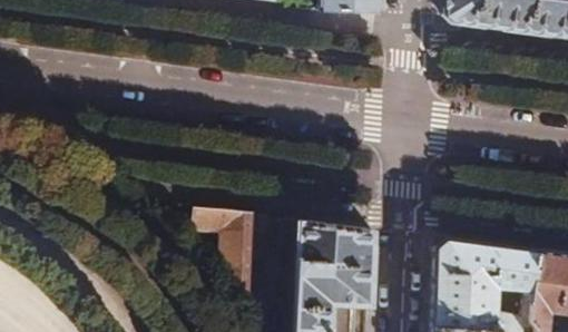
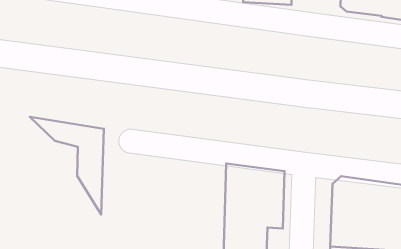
building: [159,198,255,325] -> [30,117,104,214]

